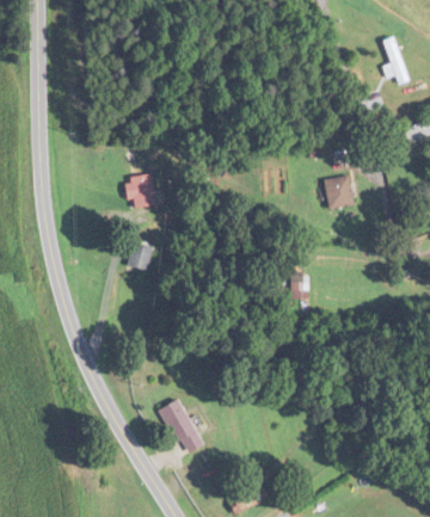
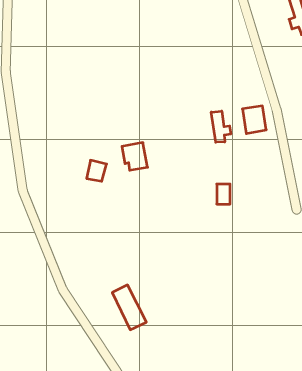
building: [124,173,156,208] -> [122,143,148,170]
building: none -> [211,111,231,142]

